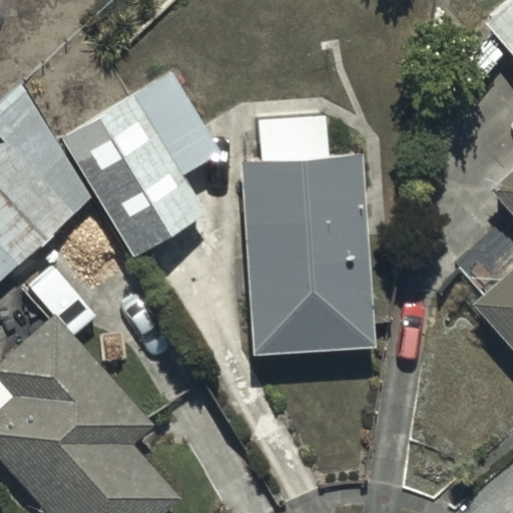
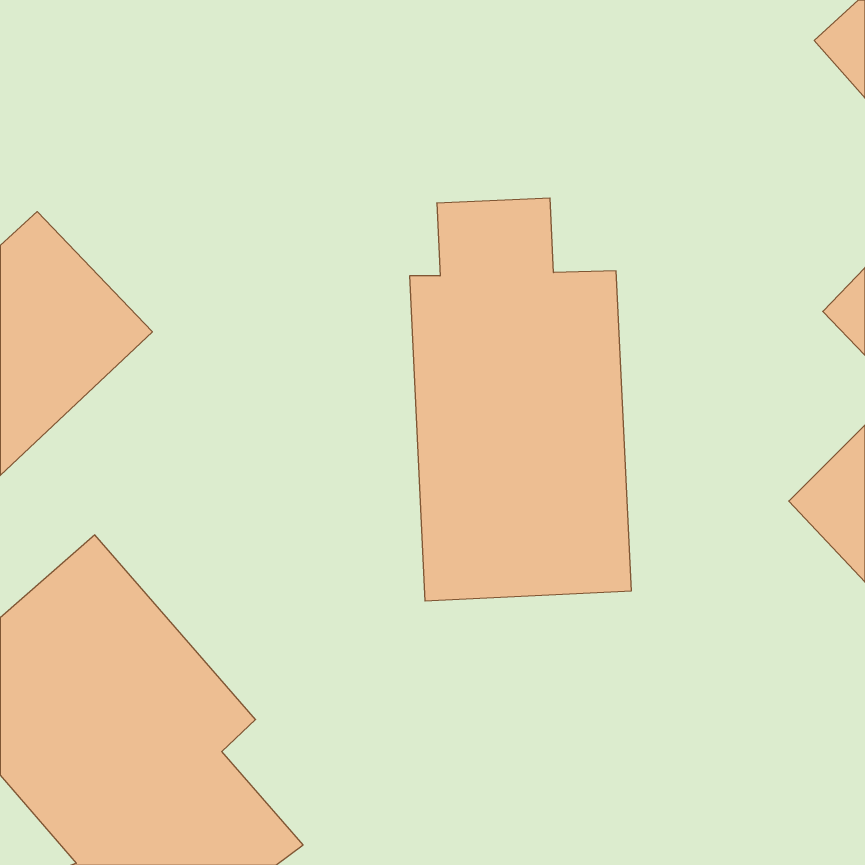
building: [58,68,218,258] -> none

